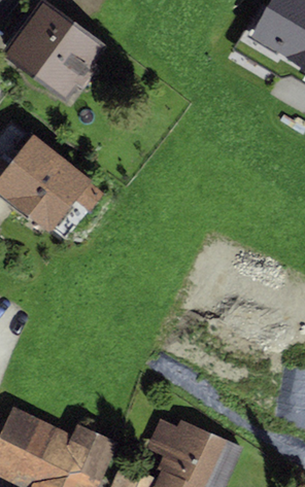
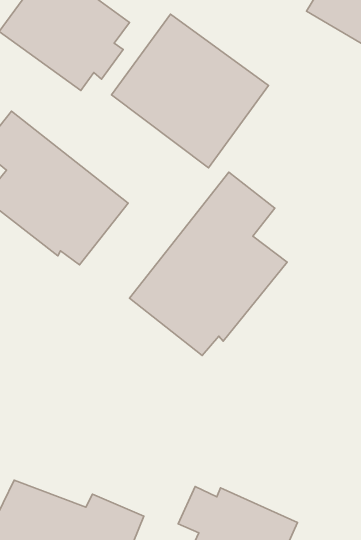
building: none -> [111,14,269,168]
building: none -> [129,172,287,356]

